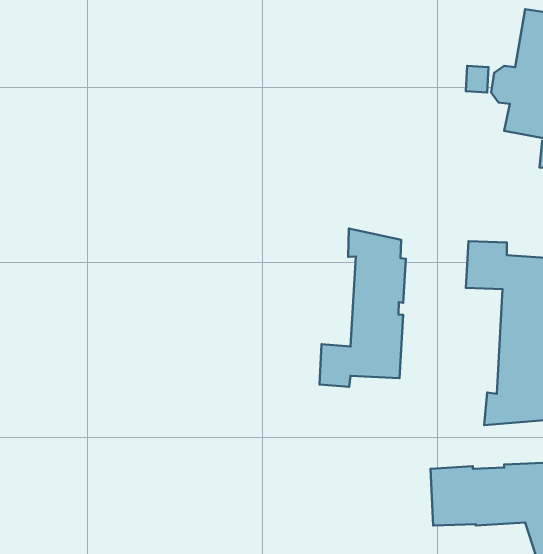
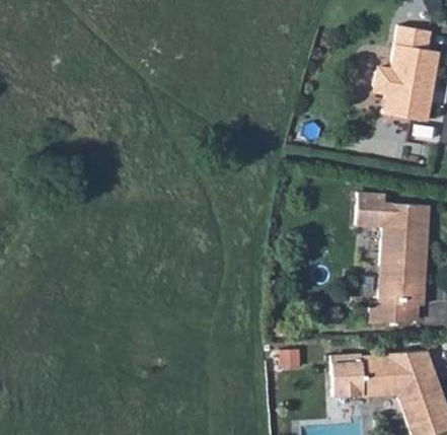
building: [319,229,406,387] -> none

